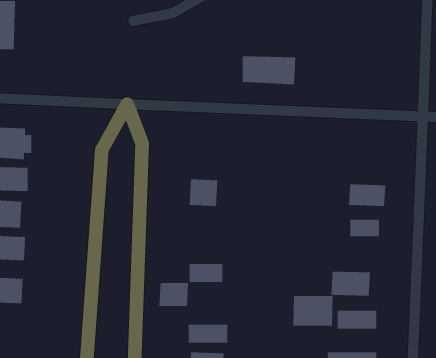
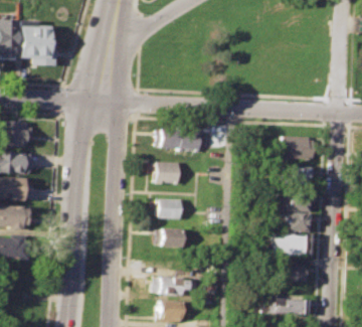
building: none -> [20,24,57,66]
building: [242,56,296,85] -> [159,126,202,149]
building: none -> [281,136,313,156]
building: none -> [284,214,308,229]
building: [159,282,189,306] -> [159,199,183,218]
building: [293,295,333,326] -> none

